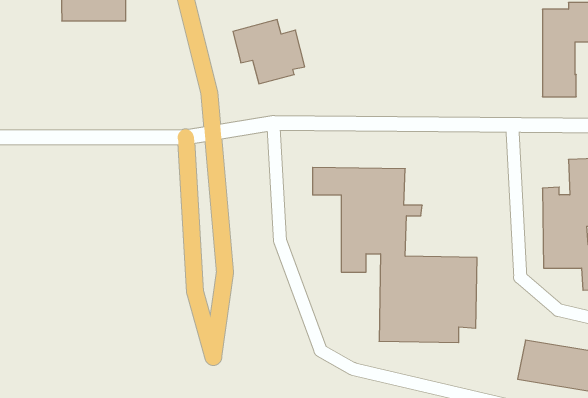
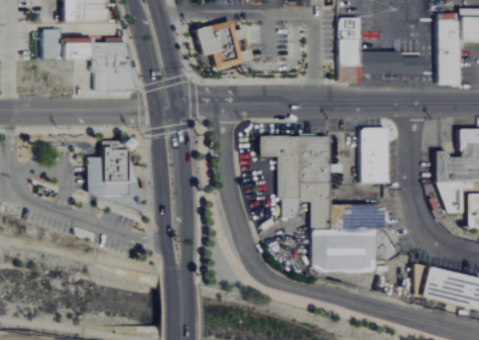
building: none -> [338,18,423,83]
building: none -> [43,29,136,92]
building: none -> [359,128,387,184]
building: none -> [88,136,141,210]

